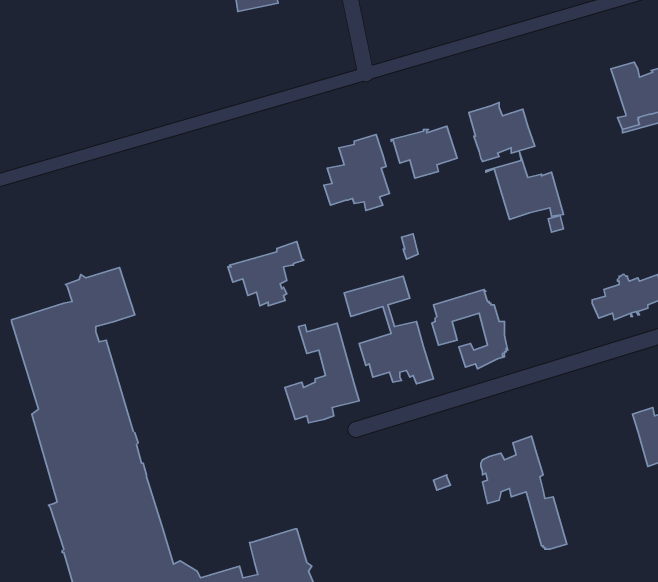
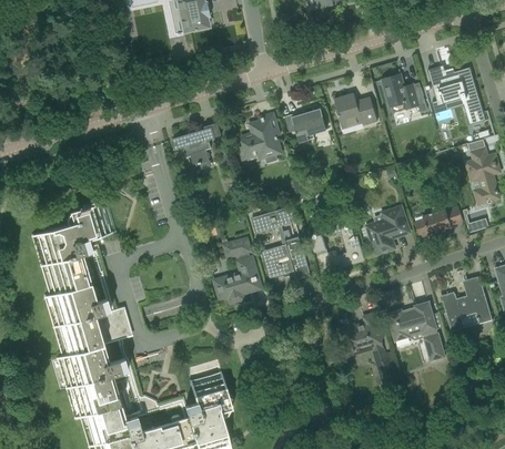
building: [486,152,563,220] -> [376,69,427,113]
building: [228,242,304,306] -> [172,122,222,164]
building: none -> [365,206,408,253]
building: none -> [387,300,445,360]

